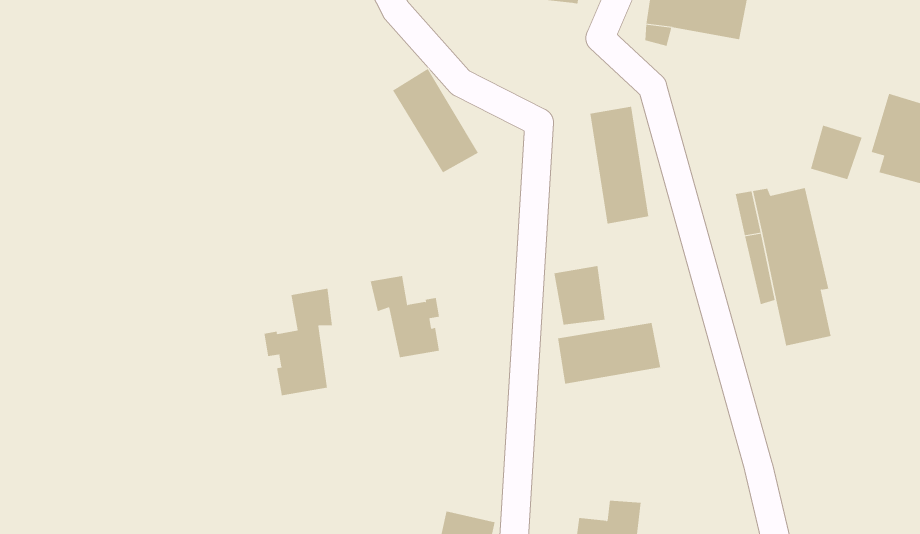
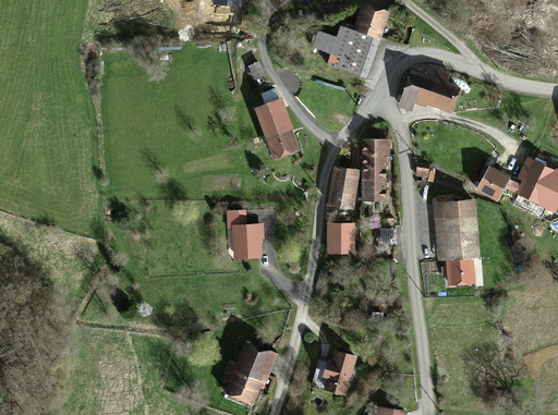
building: none -> [327,167,356,209]
building: [264,288,332,396] -> none
building: [557,322,661,385] -> none

